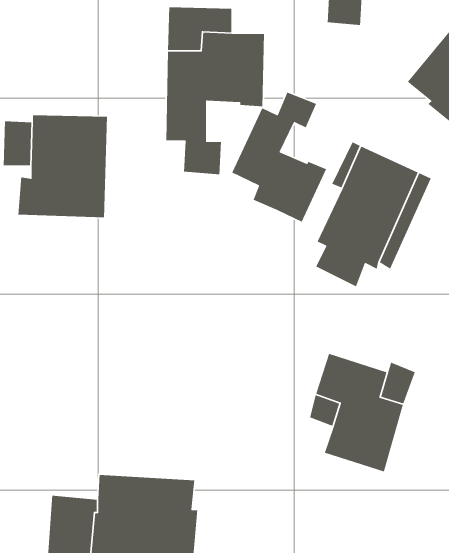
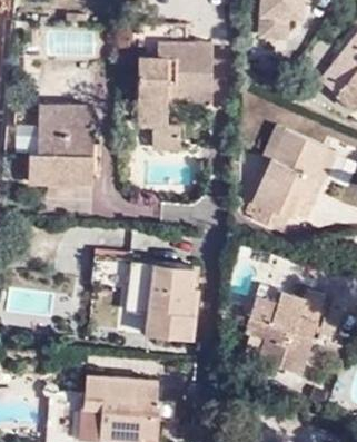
building: [231,91,327,223] -> none
building: none -> [96,251,198,338]

